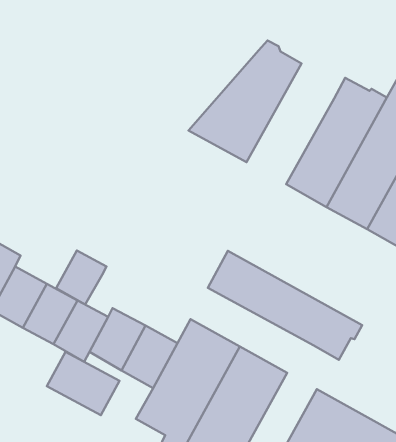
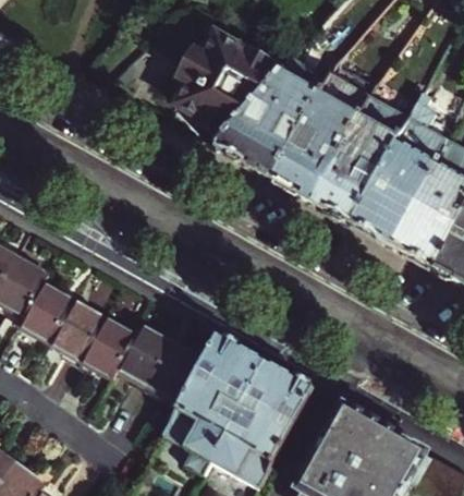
building: none -> [176,34,284,136]
building: none -> [272,71,370,201]
building: [56,251,107,304] -> none
building: [208,251,362,360] -> none
building: [47,352,120,415] -> none

